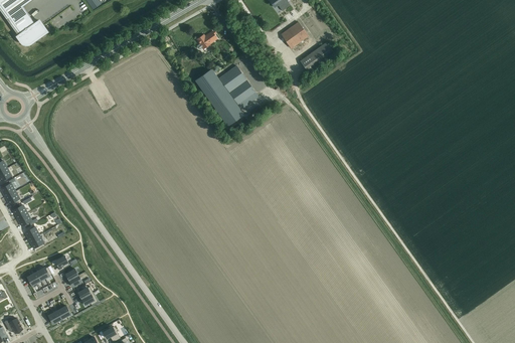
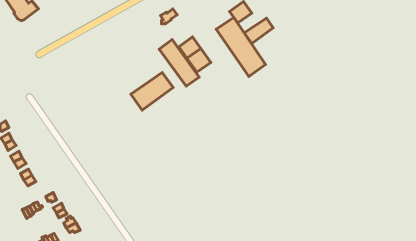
building: none -> [216,18,265,76]
building: none -> [131,72,173,110]

